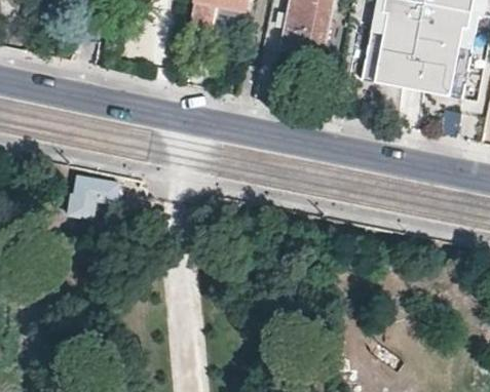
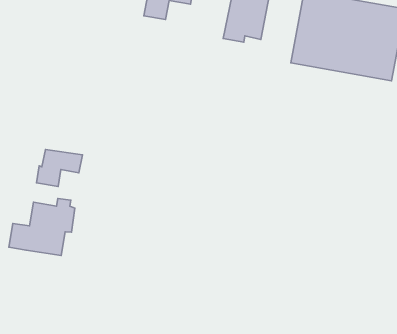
building: none -> [9,198,75,256]

